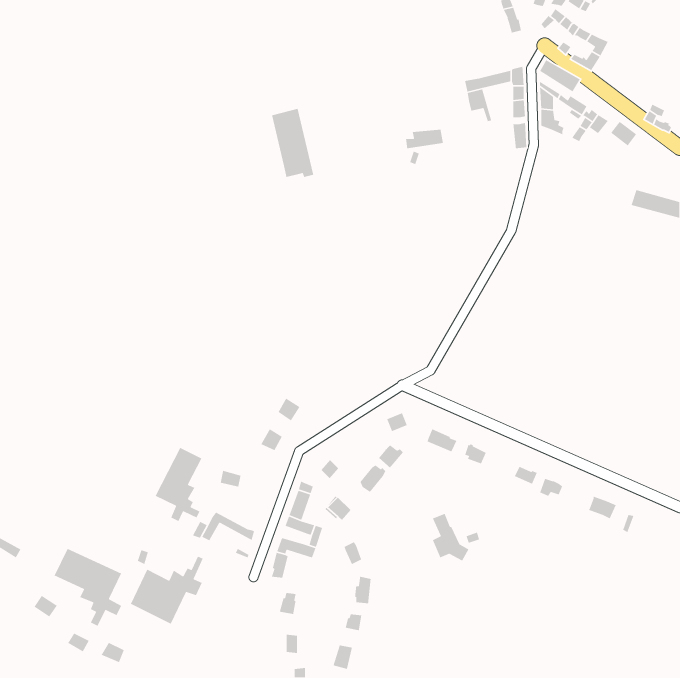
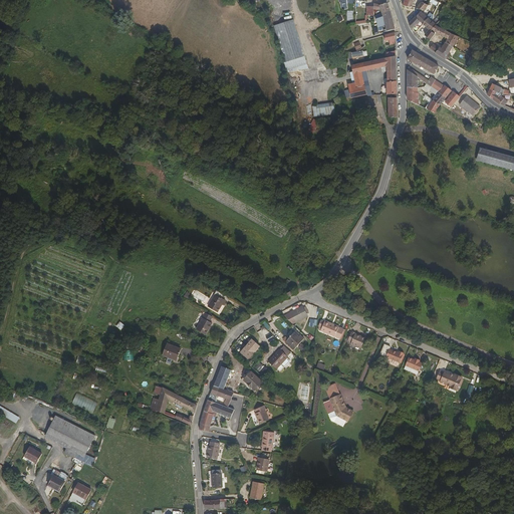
building: [271,108,314,178] -> [271,12,303,64]
building: [155,447,202,522] -> none
building: [130,556,204,625] -> none

